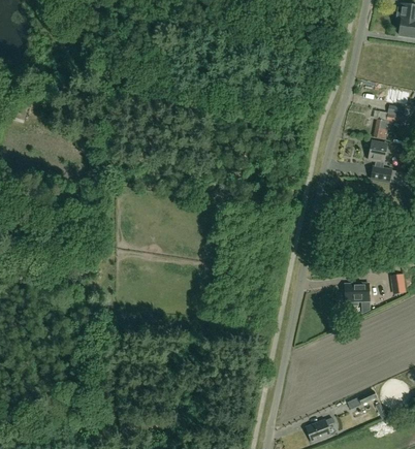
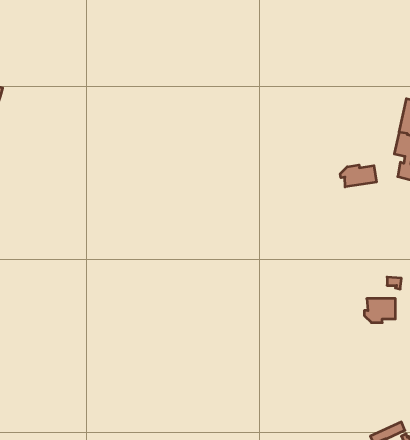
building: none -> [340,165,376,187]

